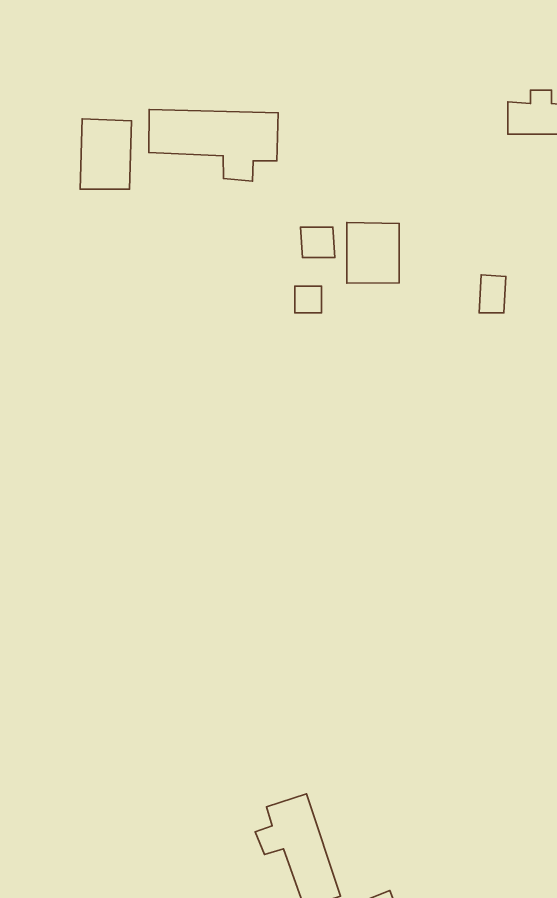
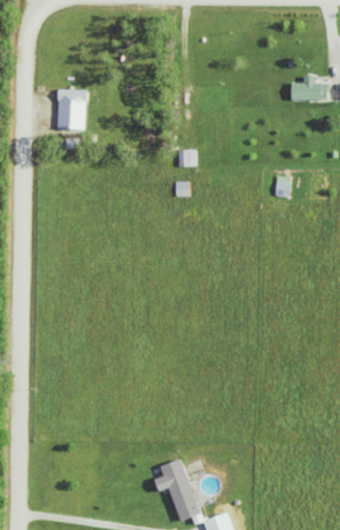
building: [149,109,278,181] -> none
building: [347,222,399,283] -> none

